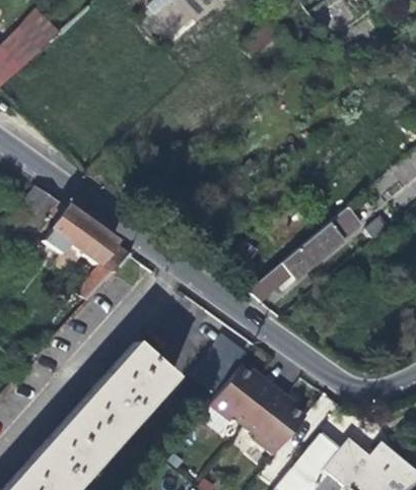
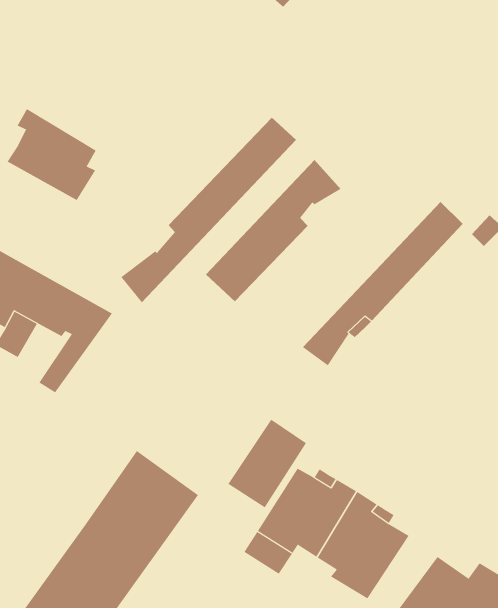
building: none -> [7,108,97,201]
building: none -> [121,117,297,303]
building: none -> [205,159,342,302]

